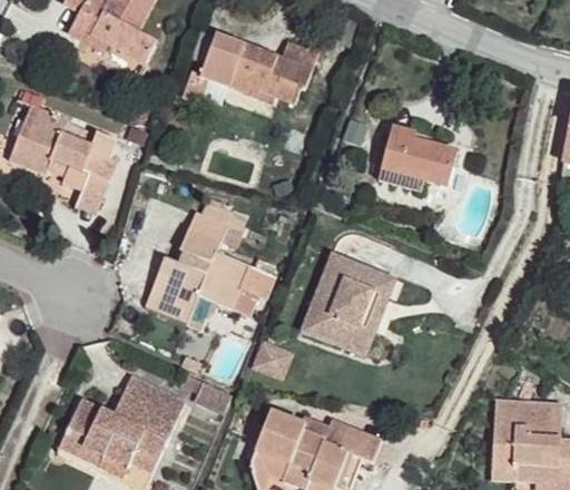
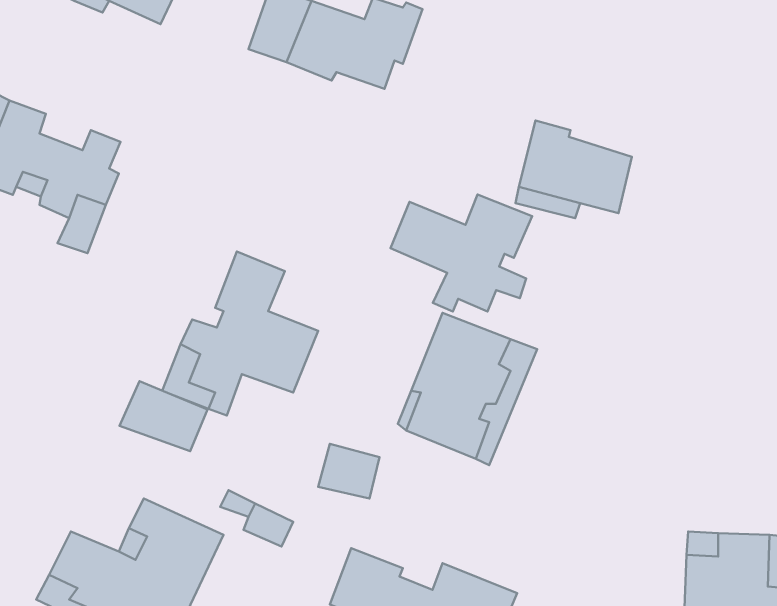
building: none -> [390,194,532,311]
building: [232,265,273,313] -> none
building: none -> [120,381,207,451]

